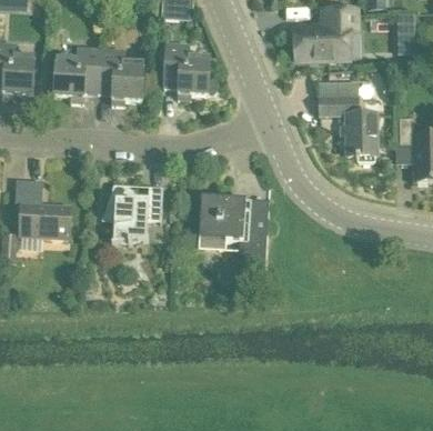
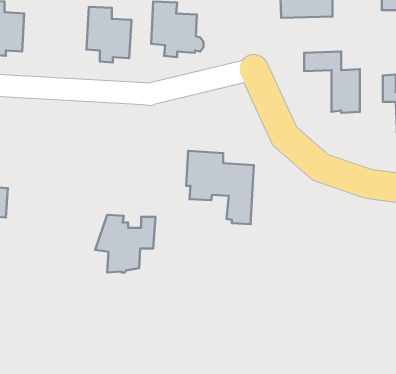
building: [53,47,100,101] -> none
building: [14,178,70,237] -> none
building: [101,183,162,242] -> [95,215,155,273]

